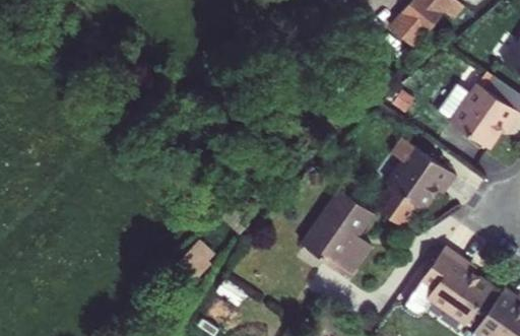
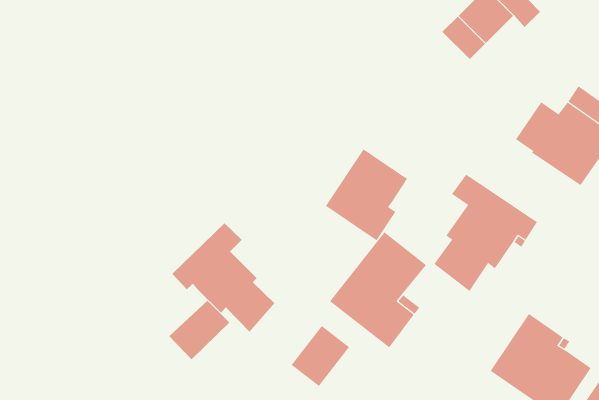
building: none -> [325,149,408,241]
building: none -> [172,223,275,332]
building: none -> [291,325,350,387]

